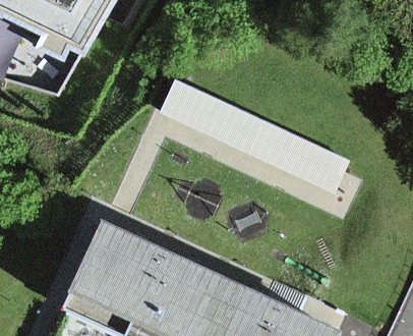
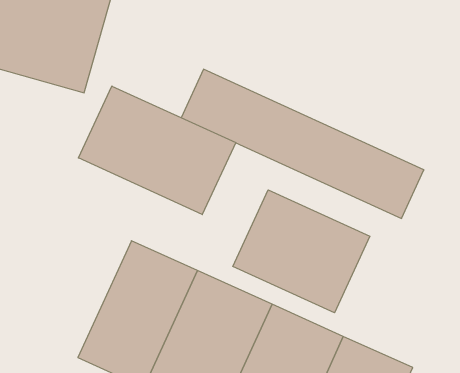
building: none -> [78,86,236,215]
building: none -> [233,190,370,313]

